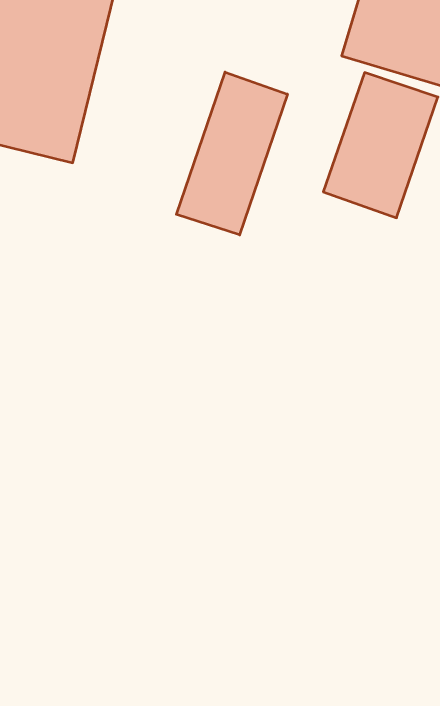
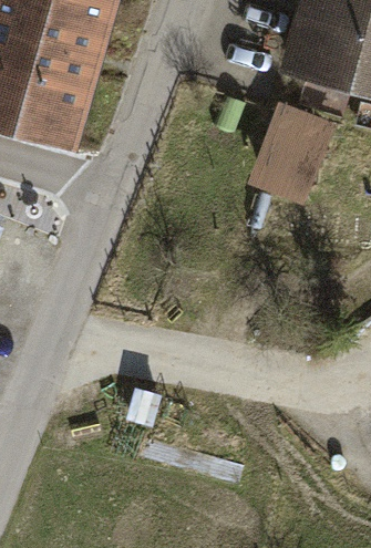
building: [176,72,287,235] -> none

